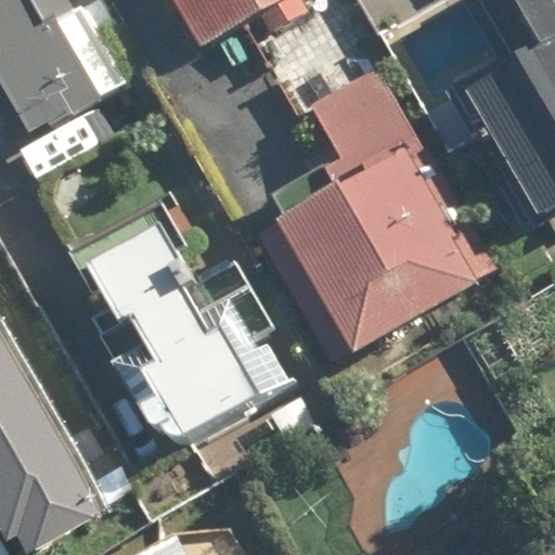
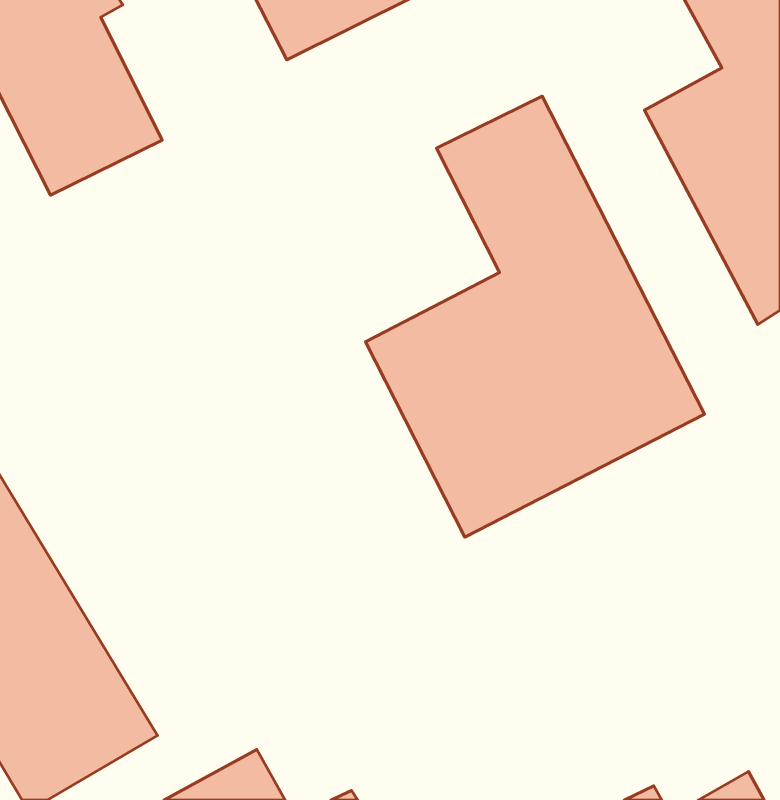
building: [95,214,284,443] -> none

